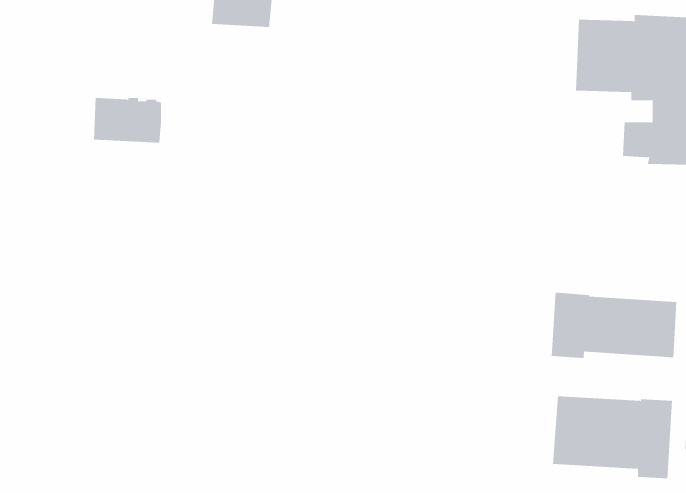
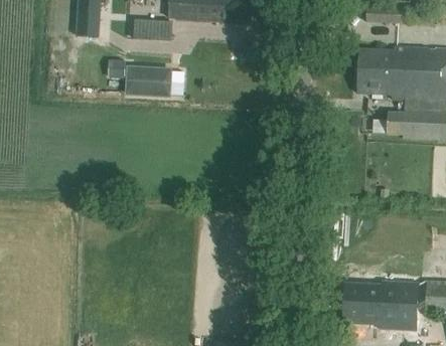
building: [93,98,162,143] -> [127,66,169,95]
building: [551,292,677,359] -> none

